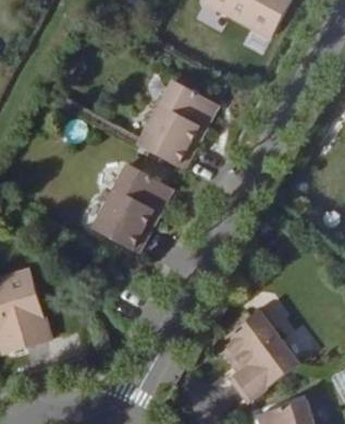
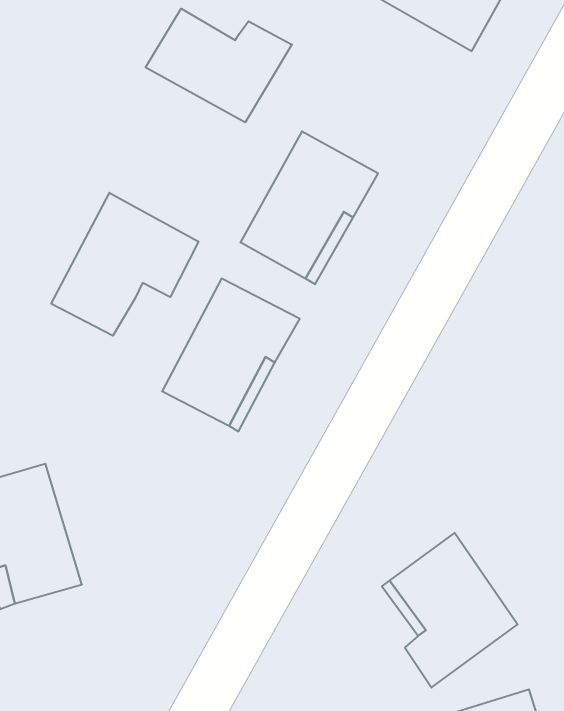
building: none -> [146,9,292,122]
building: none -> [51,193,198,336]

